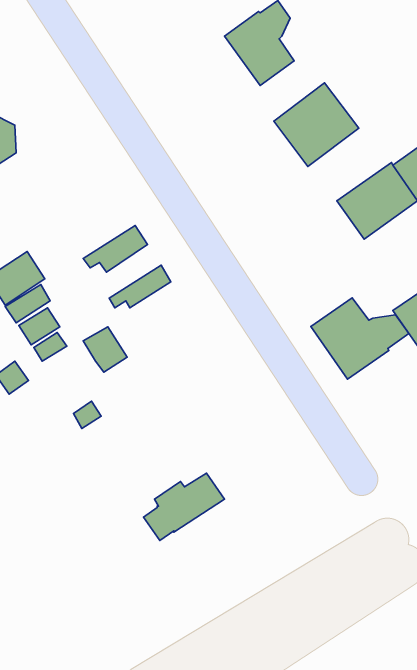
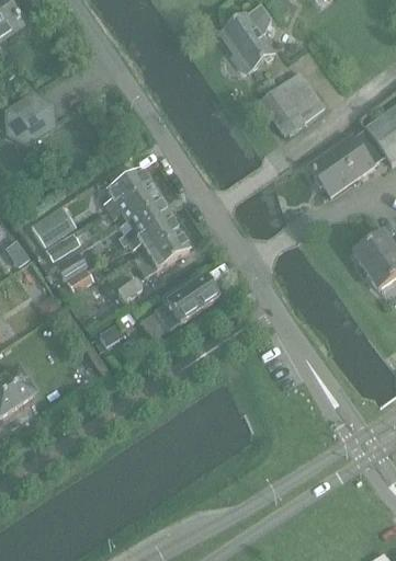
building: none -> [102,168,148,210]
building: none -> [117,199,169,245]
building: none -> [132,229,189,276]
building: [311,298,409,379] -> none
building: [144,473,224,540] -> [154,276,218,330]

